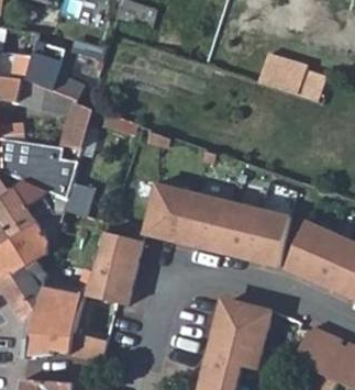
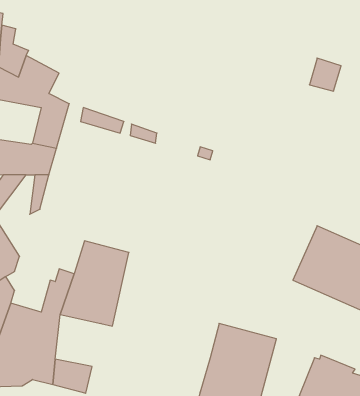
building: [259,54,308,96] -> none
building: [145,183,289,264] -> none

